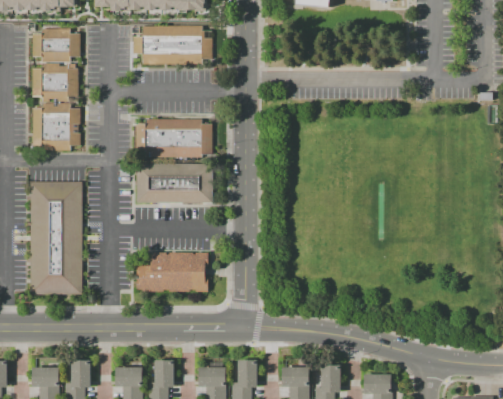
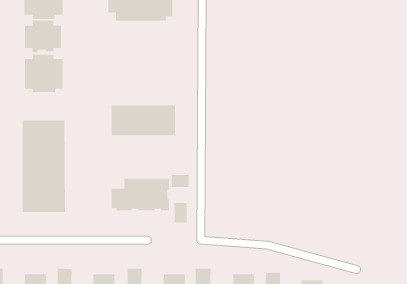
building: [134,119,211,158] -> none
building: none -> [171,174,189,188]
building: none -> [174,202,188,224]

